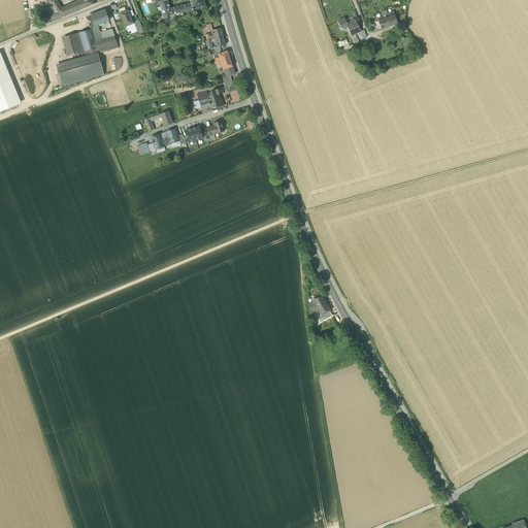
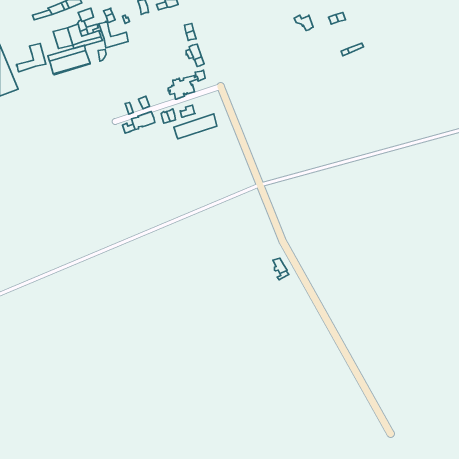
building: none -> [99,21,128,48]
building: none -> [16,44,46,72]
building: none -> [174,114,217,139]

